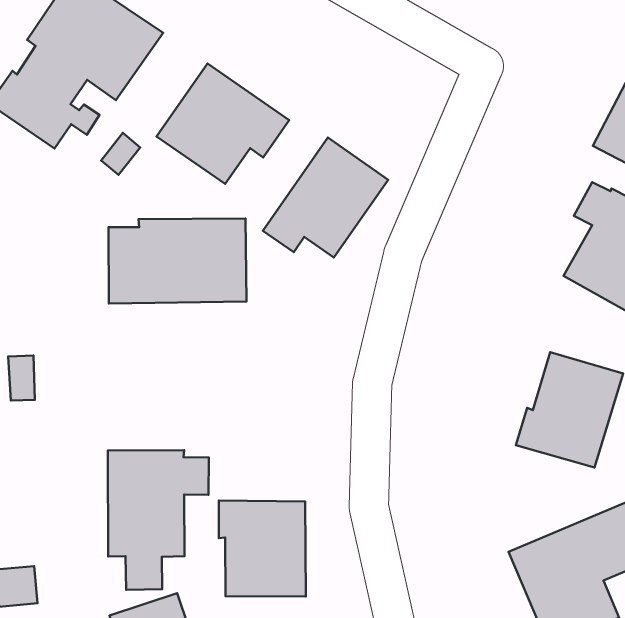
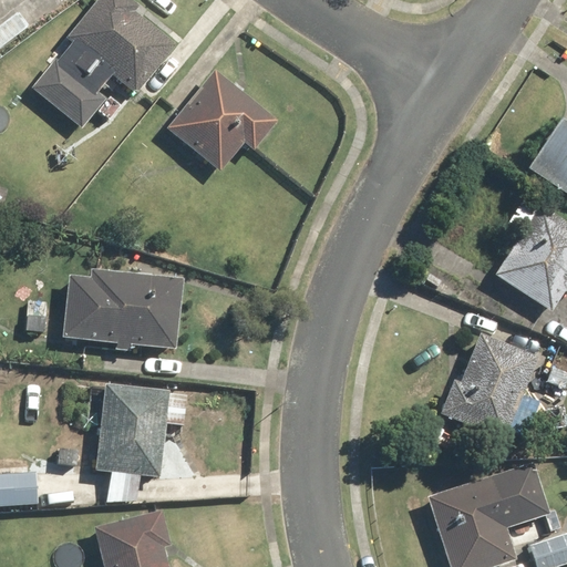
building: [263,138,388,258] -> none
building: [108,219,247,304] -> [64,272,184,349]
building: [219,500,306,597] -> none

